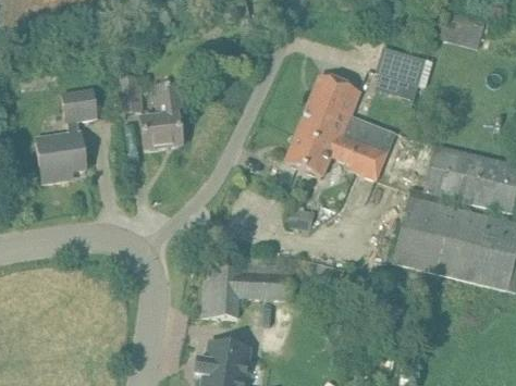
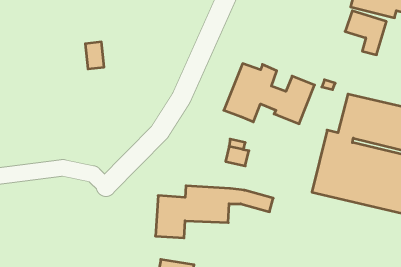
building: [374,47,425,100] -> [345,11,386,55]
building: [308,75,359,115] -> none
building: [142,84,183,149] -> none
building: [36,89,97,183] -> none

